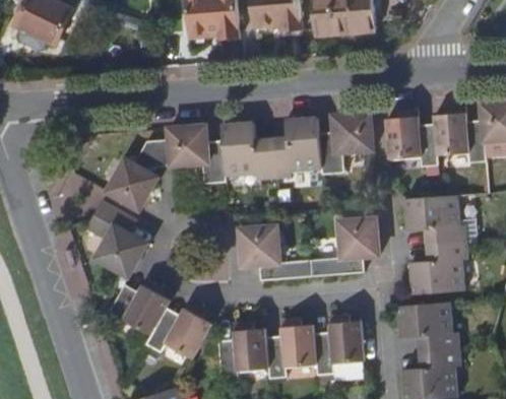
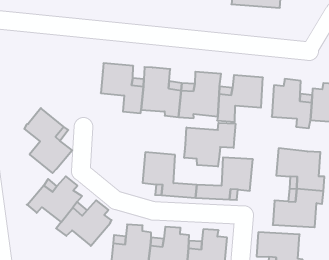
building: [136,140,172,170] -> none
building: [105,158,156,210] -> none
building: none -> [184,123,235,167]

